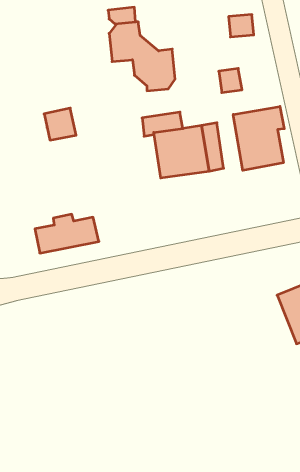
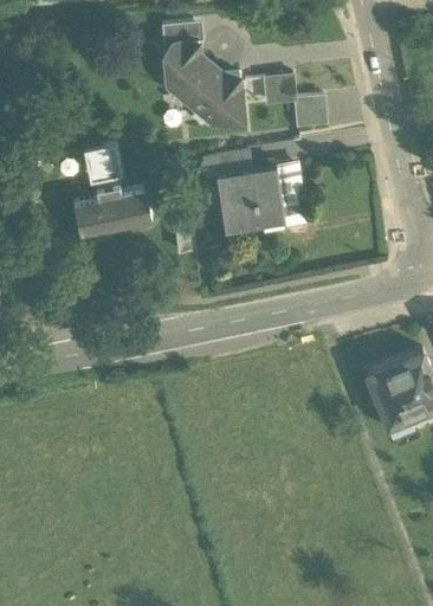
building: [229,15,254,37] -> [264,76,295,103]
building: [233,106,284,170] -> none
building: [35,214,99,253] -> [73,187,151,234]

